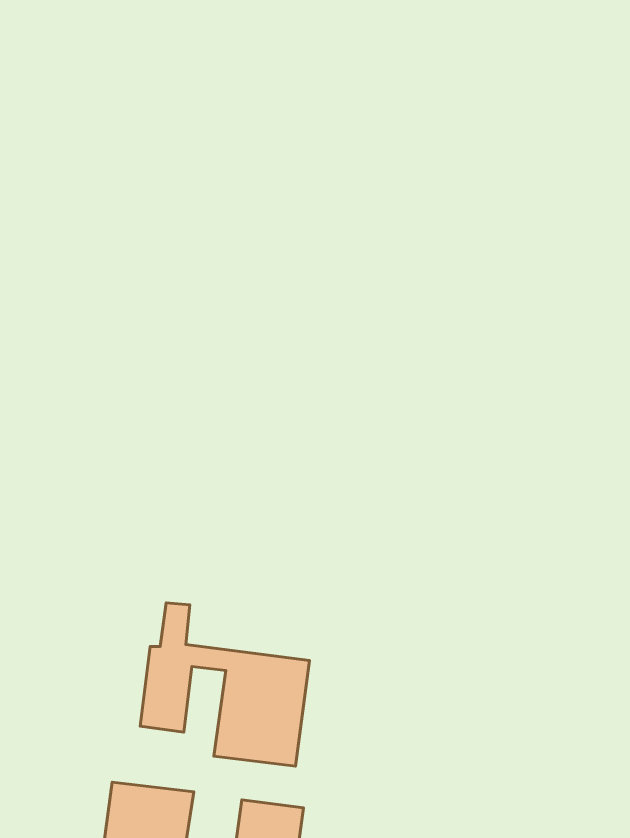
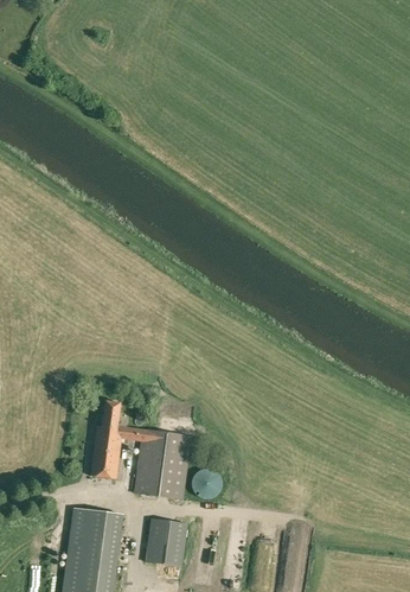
building: none -> [191,470,222,501]

